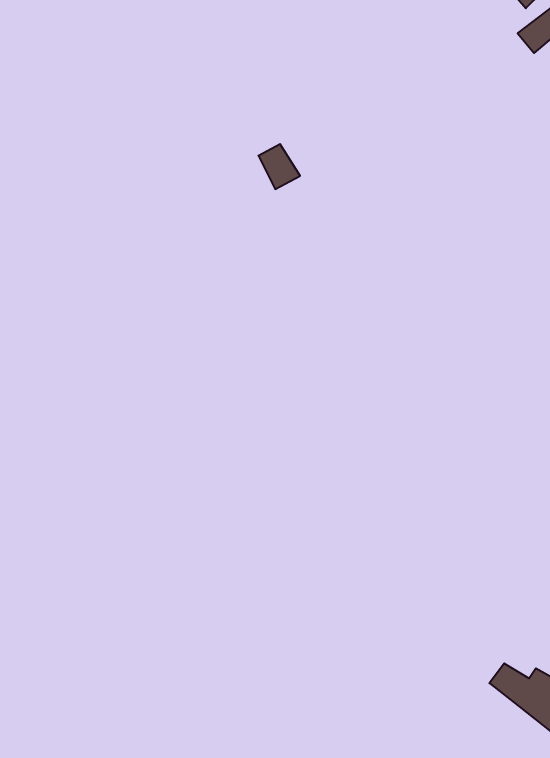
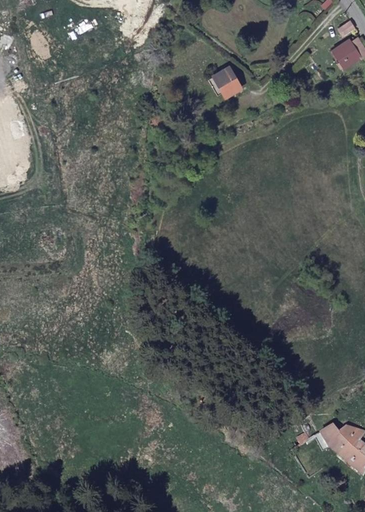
building: [258,144,300,189] -> [210,67,235,94]

